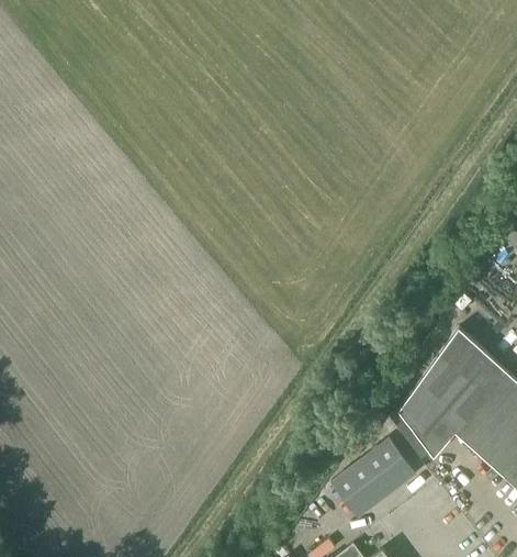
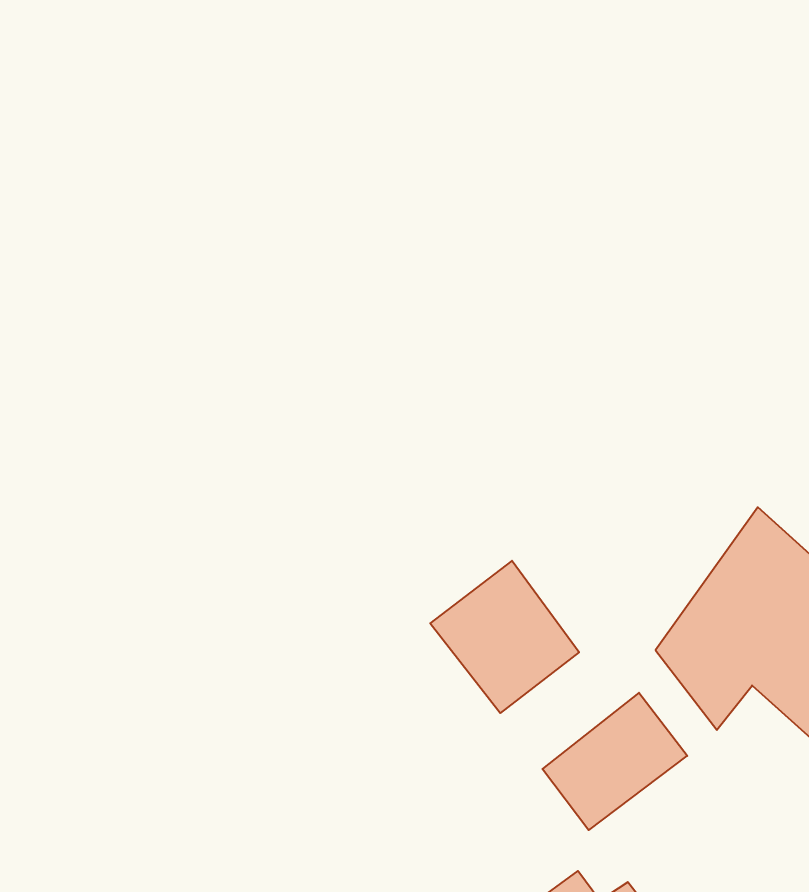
building: none -> [430,561,579,713]

